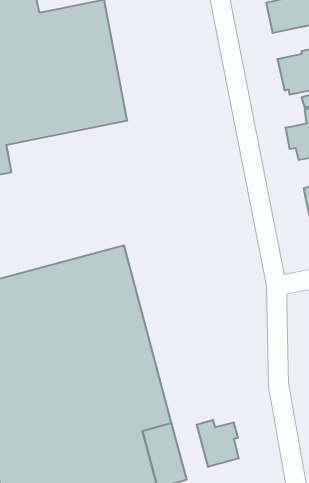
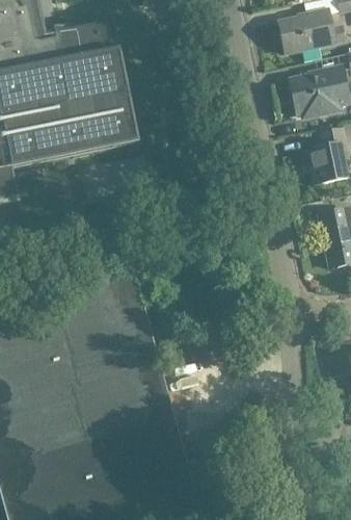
building: [197,420,239,467] -> none

